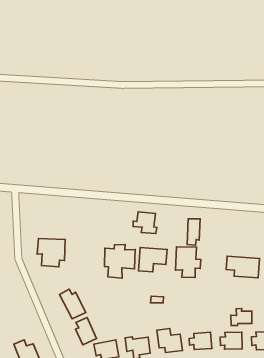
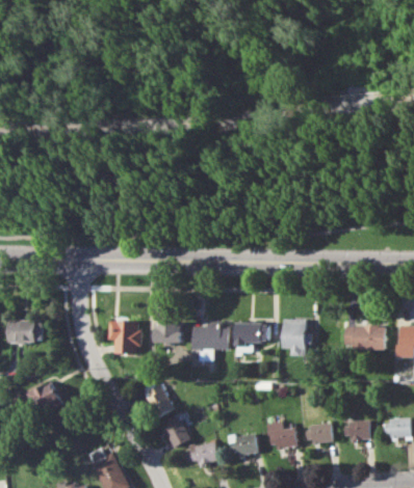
building: [133,212,157,233] -> none
building: [187,219,200,245] -> none
building: none -> [155,322,182,344]
building: [231,309,252,326] -> none

